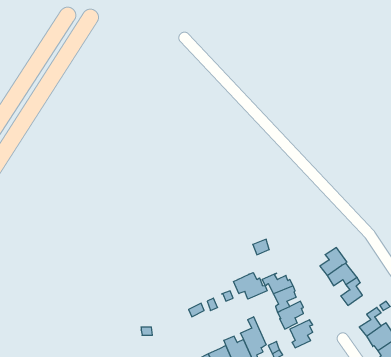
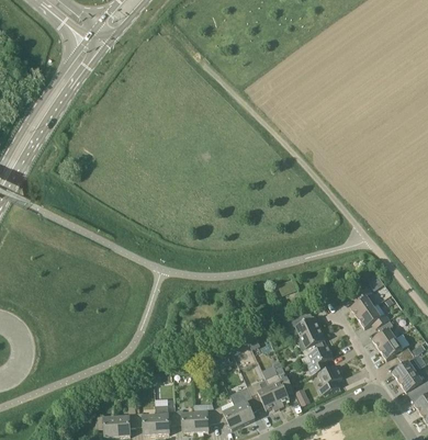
building: [233,273,267,299] -> none
building: none -> [380,332,410,359]

